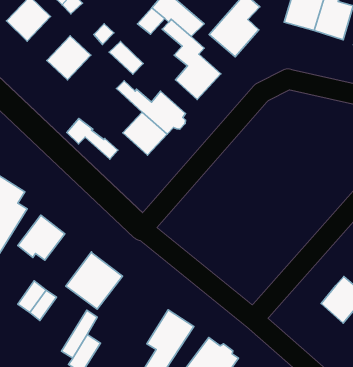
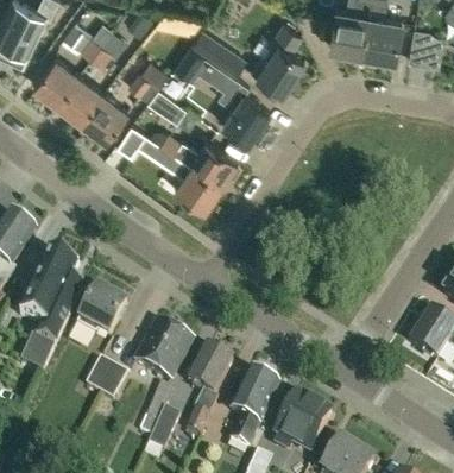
building: none -> [58,76,103,124]
building: [67,118,118,159] -> [119,126,176,165]
building: none -> [188,348,232,436]

